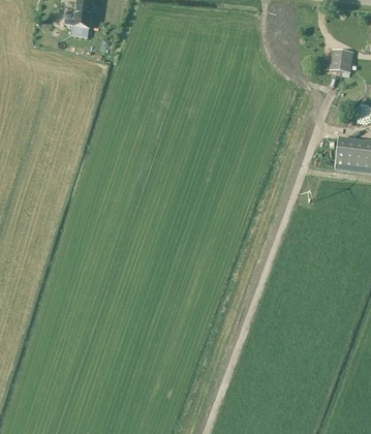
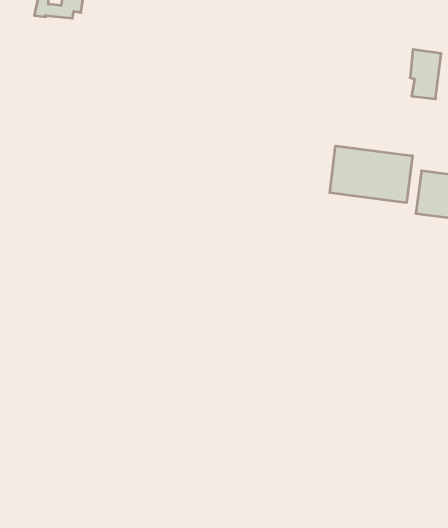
building: none -> [330,146,412,203]

